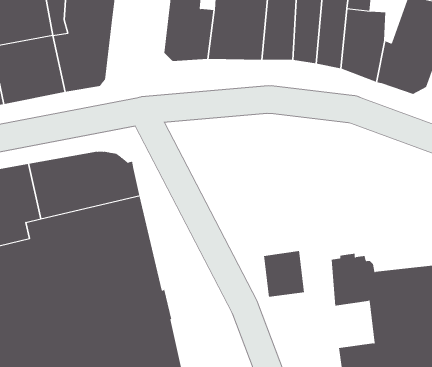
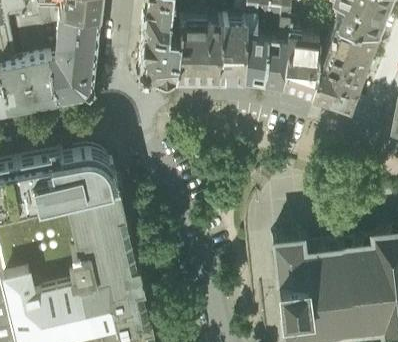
building: [263,251,305,297] -> [274,275,308,313]

